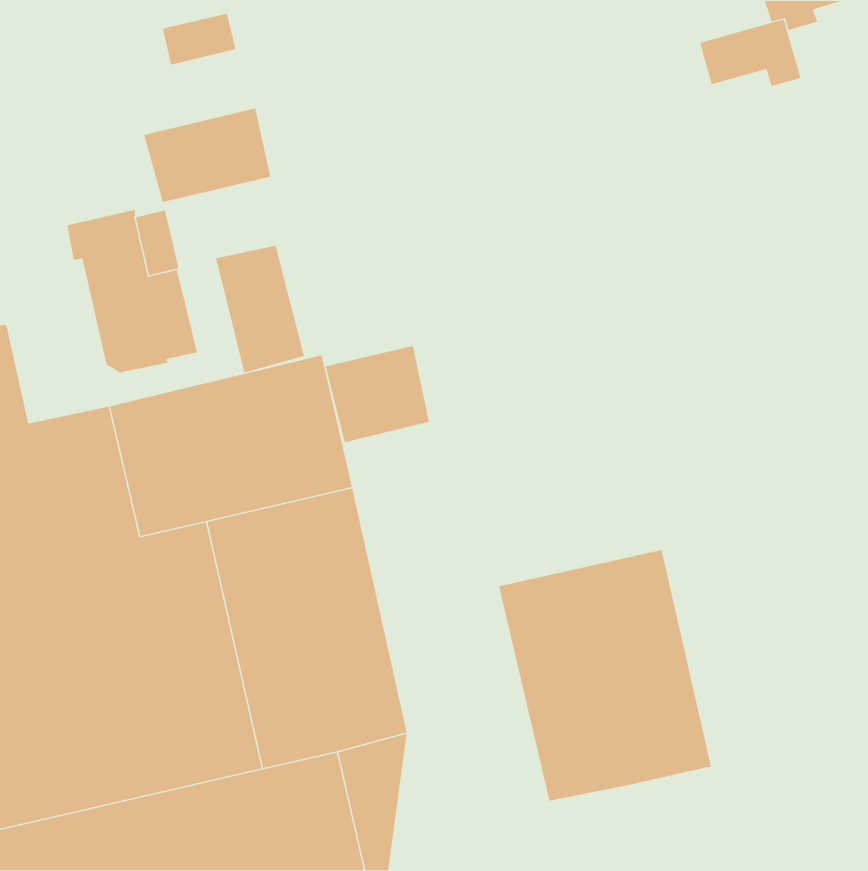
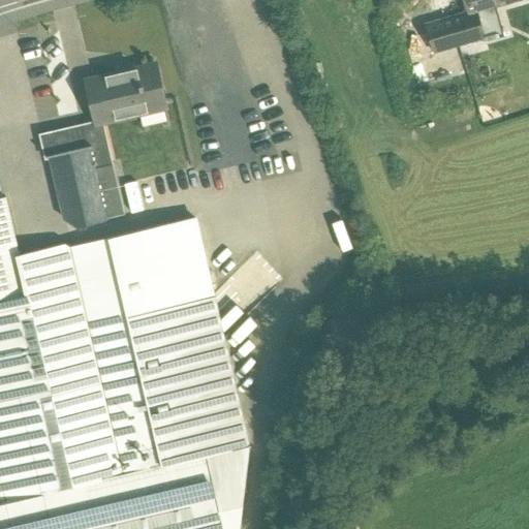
building: [162,13,237,66] -> none
building: [215,245,305,373] -> none
building: [325,345,430,443] -> none
building: [498,549,712,802] -> none

